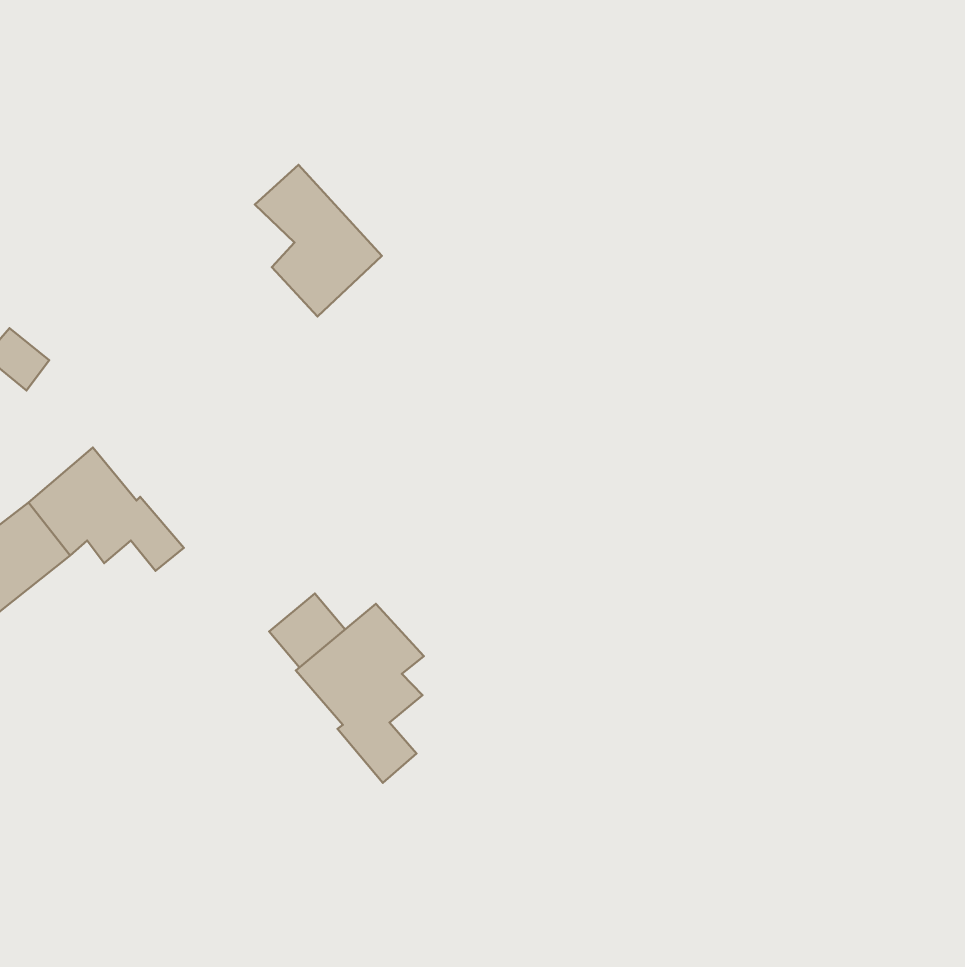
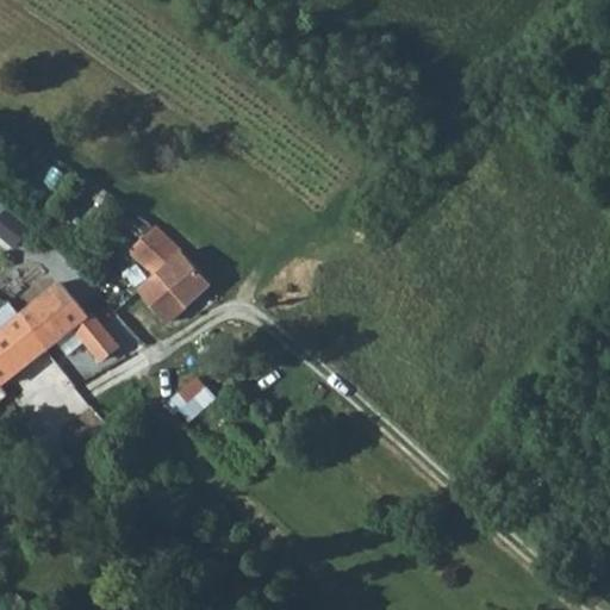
building: [255,165,382,317] -> [127,226,207,322]
building: [296,604,424,783] -> none

